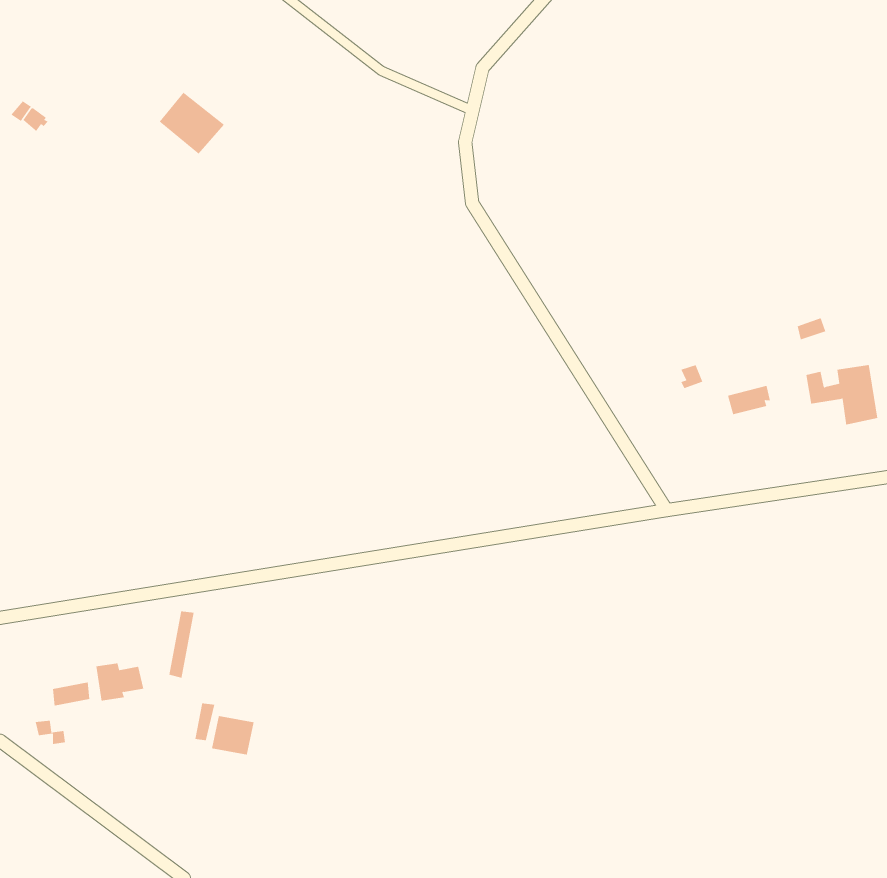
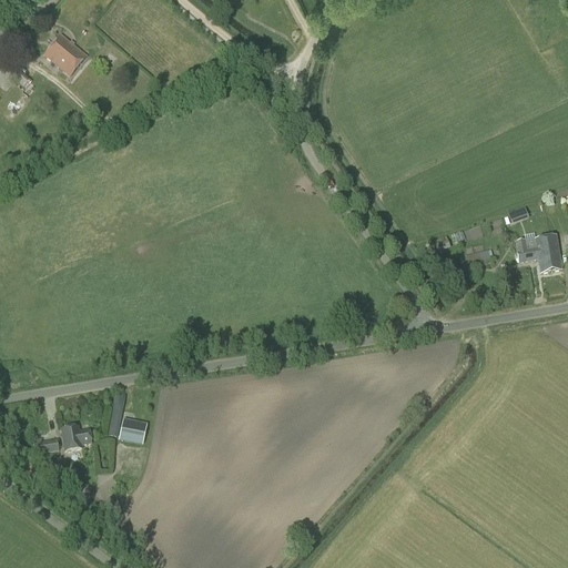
building: [159,92,225,154] -> [44,33,87,73]
building: [211,715,255,755] -> [119,416,146,442]

